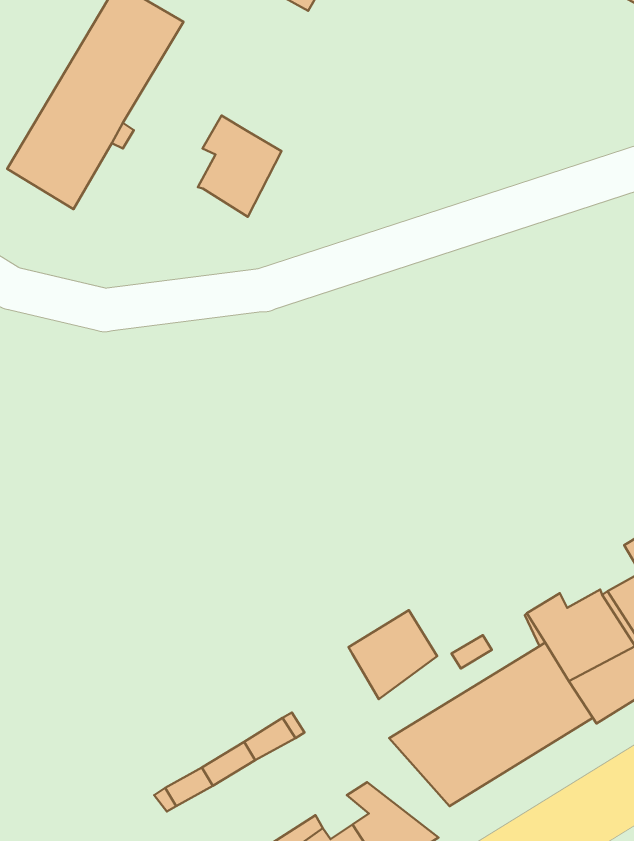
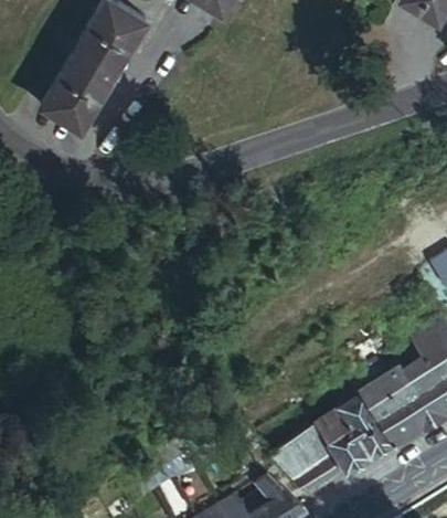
building: [198,115,282,217] -> none
building: [348,610,437,699] -> none

